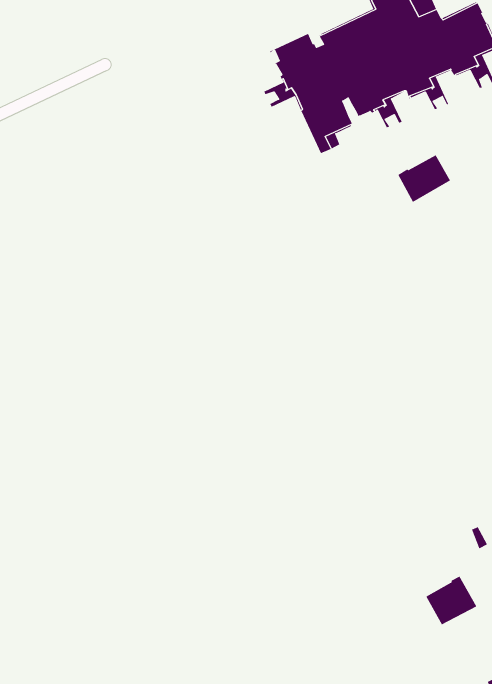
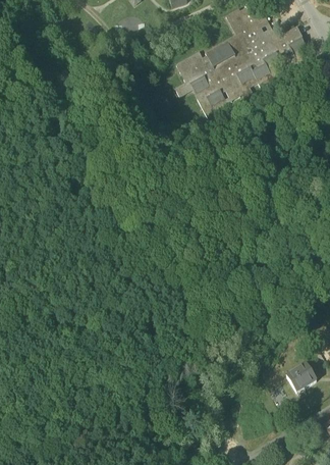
building: [397,154,451,203] -> none

